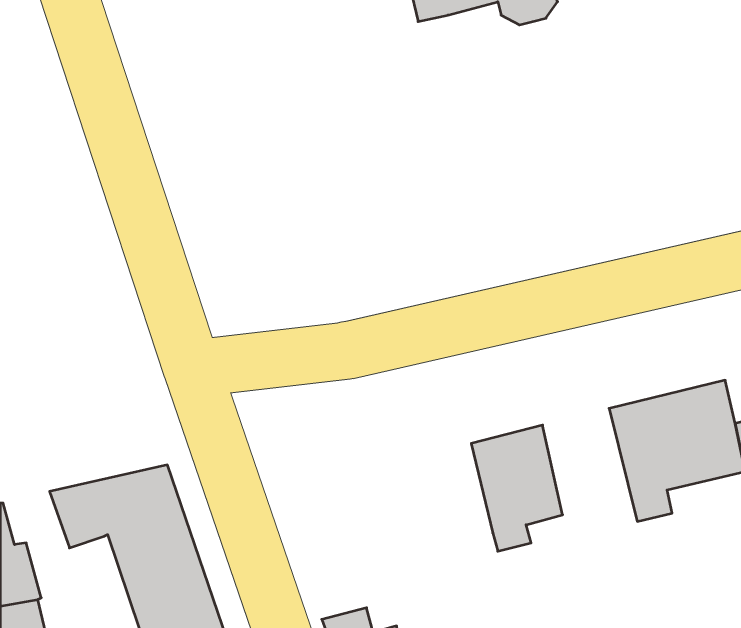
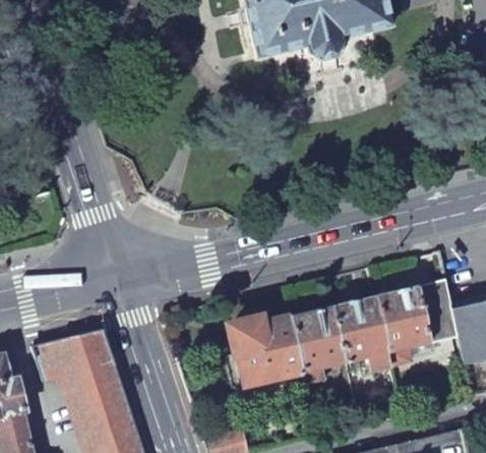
building: none -> [332,297,390,372]
building: none -> [223,319,302,391]

